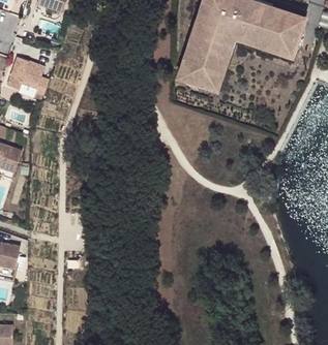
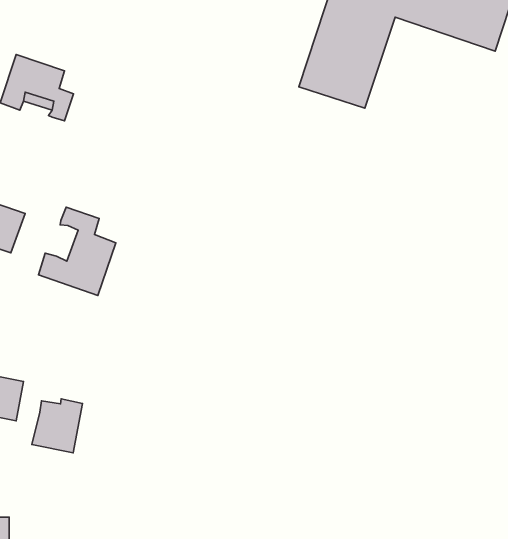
building: none -> [38,207,116,295]
building: none -> [32,399,83,453]

